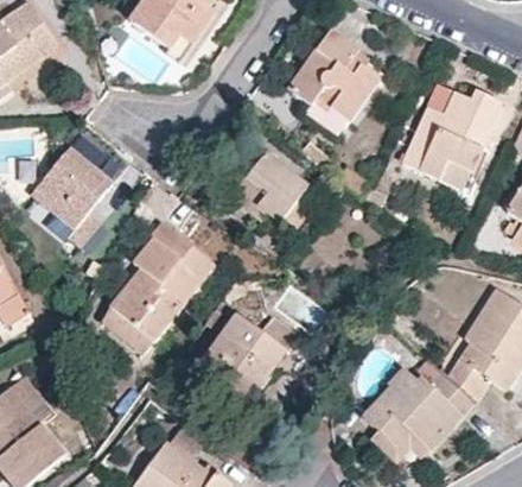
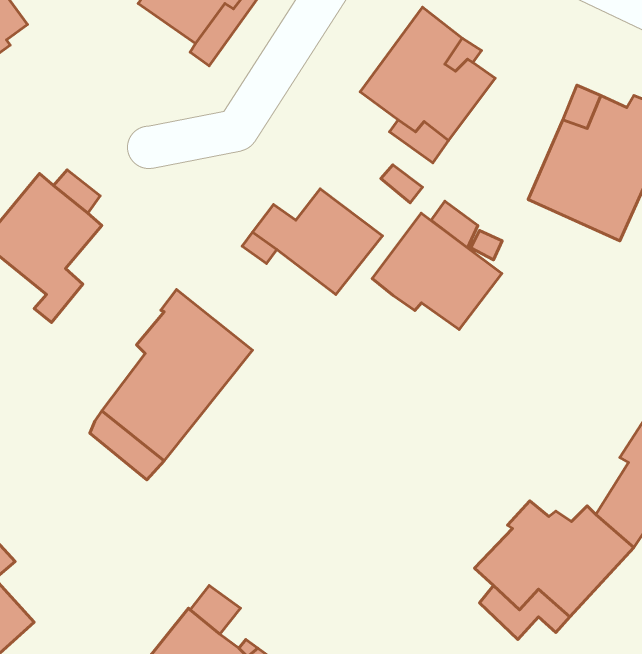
building: none -> [372,213,502,330]
building: [195,312,297,406] -> none

